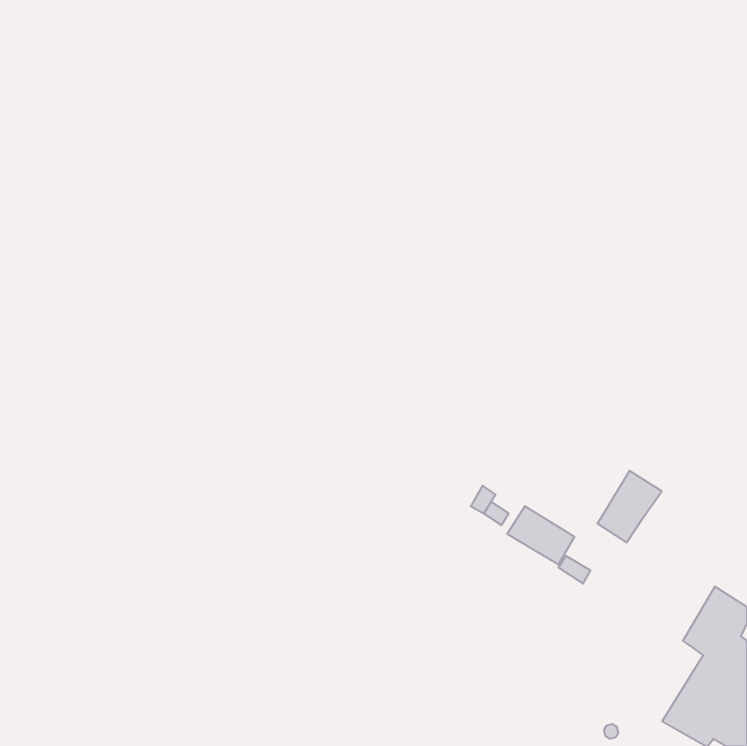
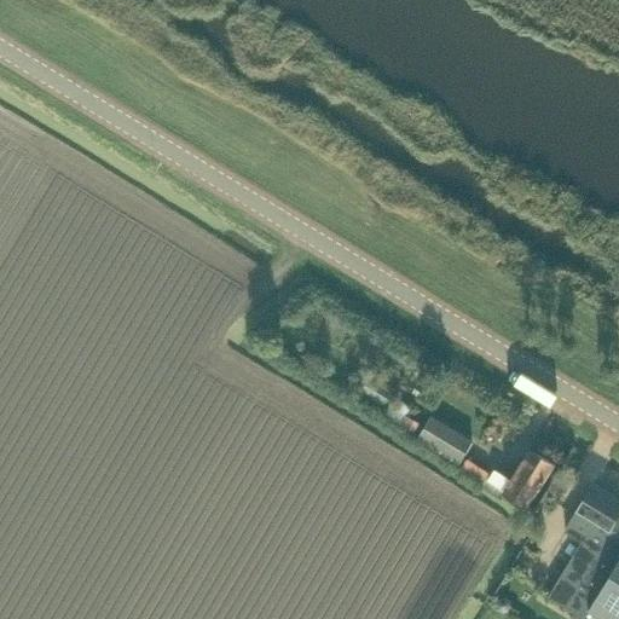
building: [597,471,662,542] -> [504,447,557,507]

